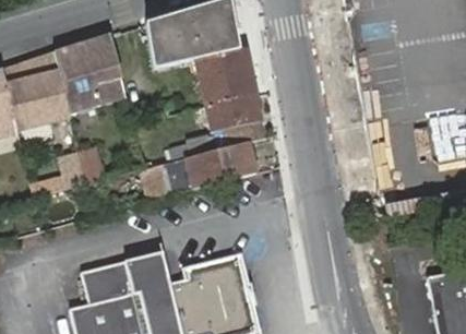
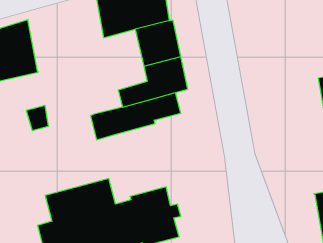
building: [59,35,127,114] -> none

